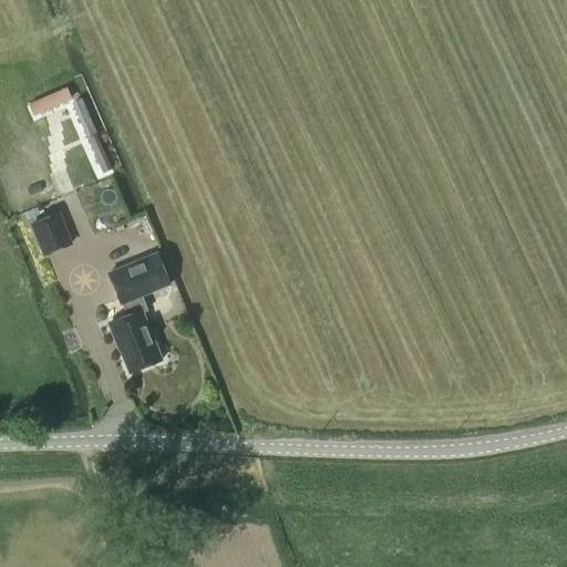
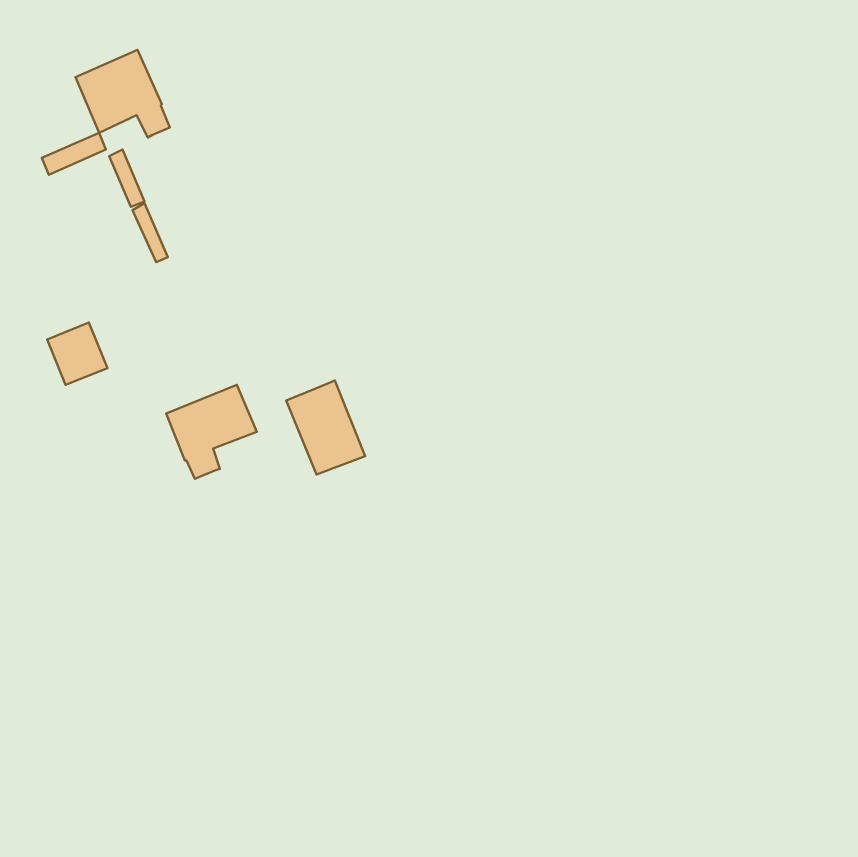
building: none -> [76,50,170,137]
building: [110,310,162,372] -> [286,380,365,475]

